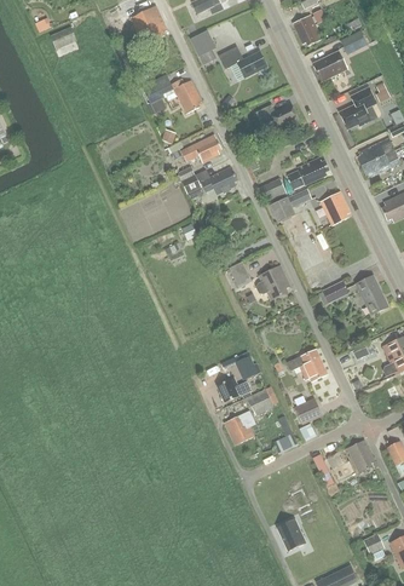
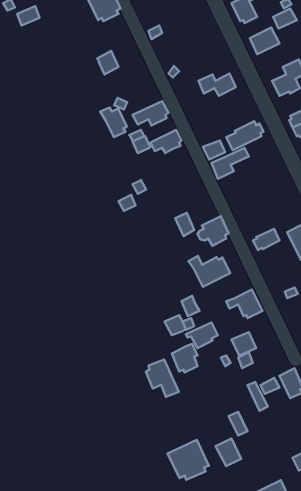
building: [218,46,267,76] -> none
building: [171,77,201,111] -> [100,107,127,137]
building: [321,190,351,224] -> none
building: none -> [189,256,230,287]
building: none -> [146,359,179,397]
building: none -> [168,440,209,480]

